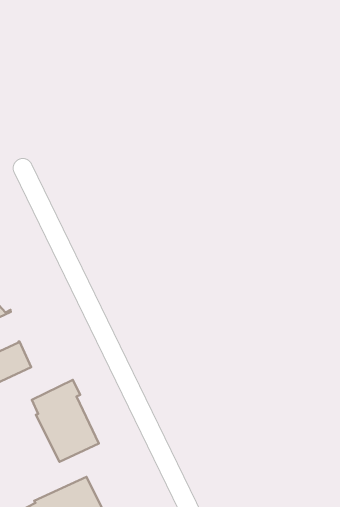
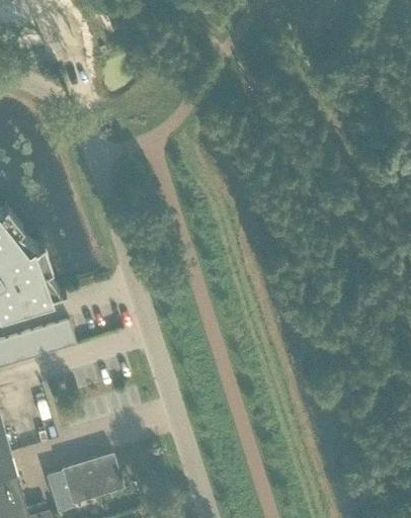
building: [32,380,99,462] -> none

